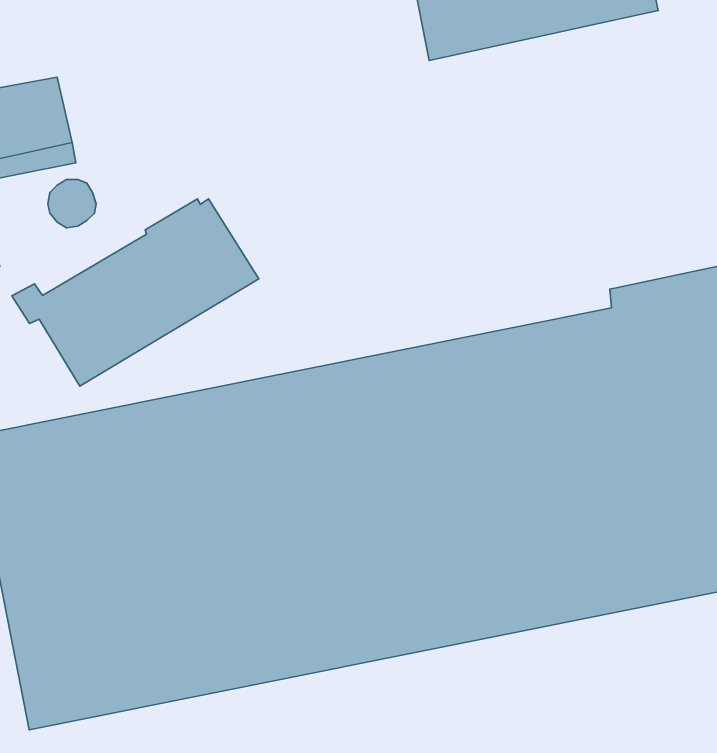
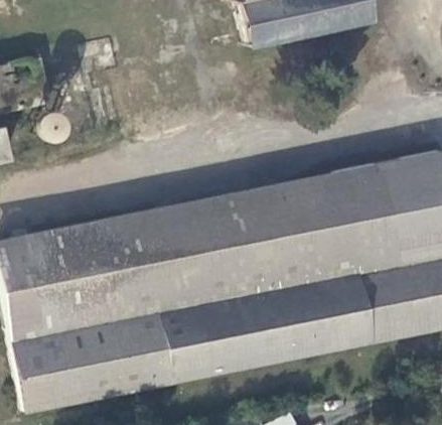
building: [12,199,259,386] -> none

